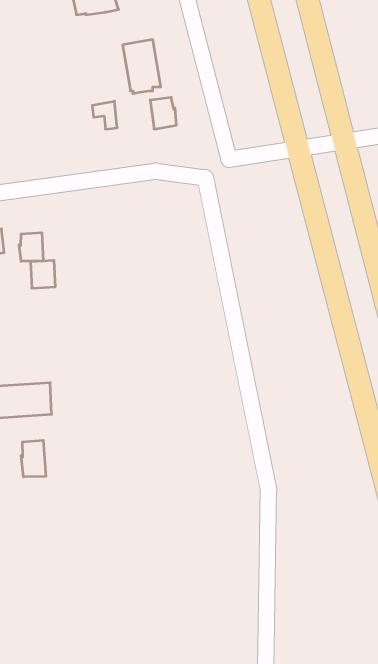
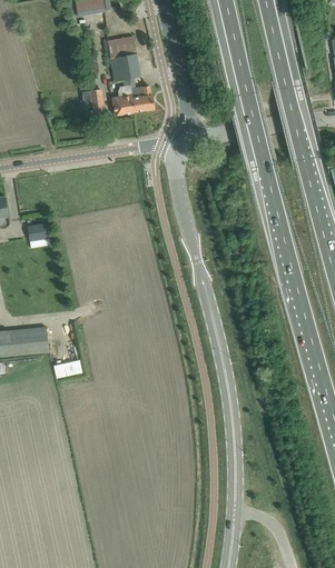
building: none -> [111,80,134,114]
building: [19,233,43,261] -> none
building: [21,440,46,477] -> none

